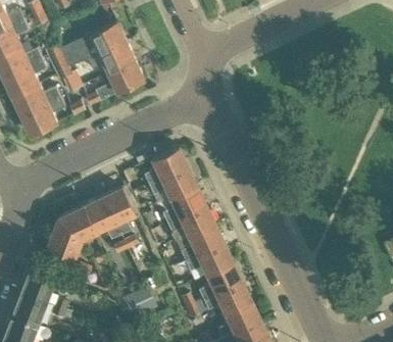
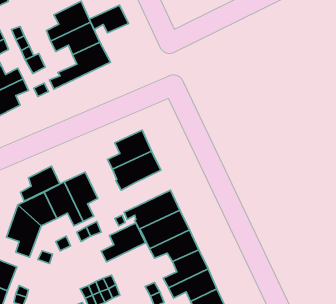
building: none -> [89,5,128,33]
building: none -> [20,166,60,201]
building: [162,186,205,224] -> [101,223,145,262]

